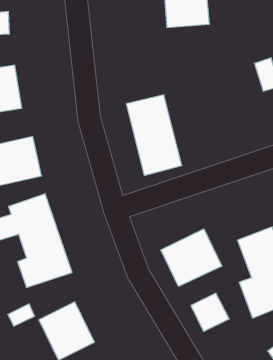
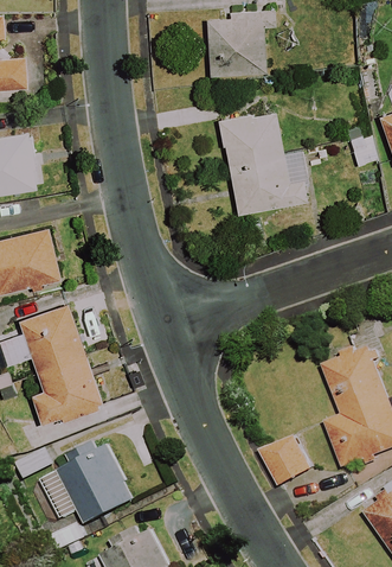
building: [126,95,182,175] -> [233,116,307,223]
building: [161,229,222,286] -> none

